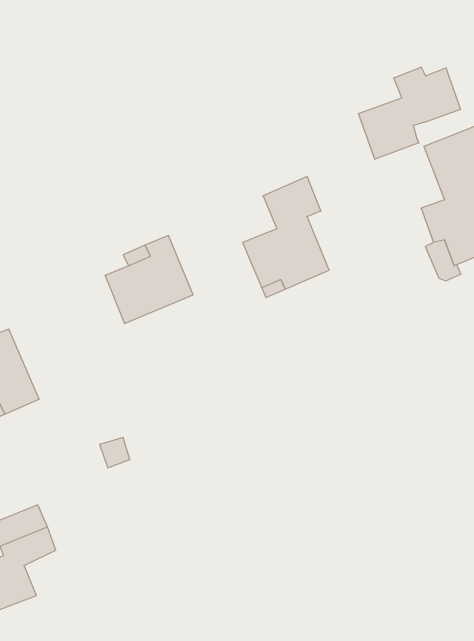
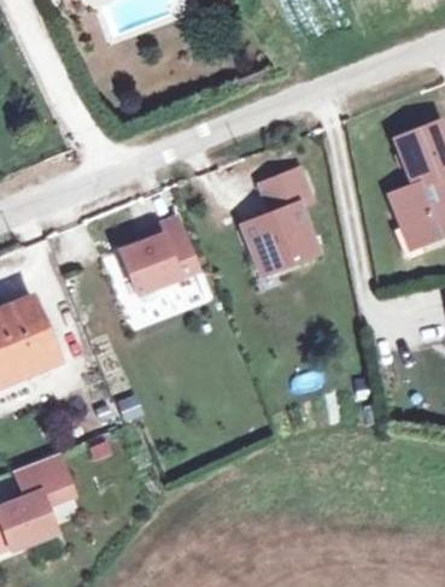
building: [359,67,460,159] -> none

